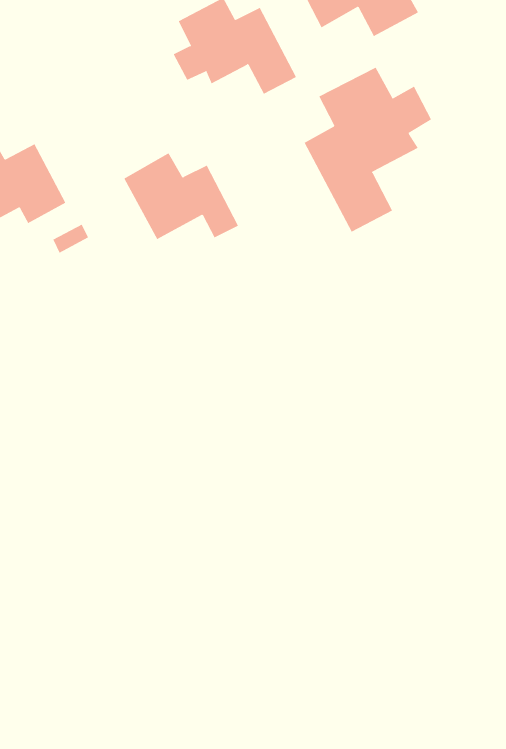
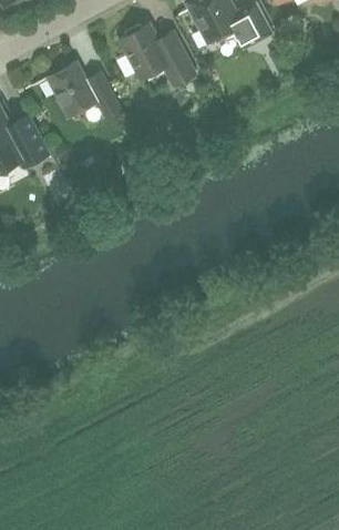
building: [304,67,432,233] -> none
building: [124,152,239,240] -> [48,61,121,116]

